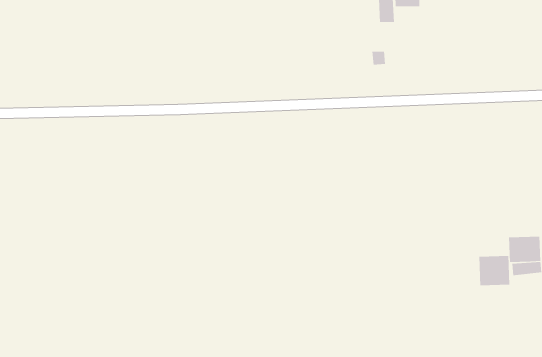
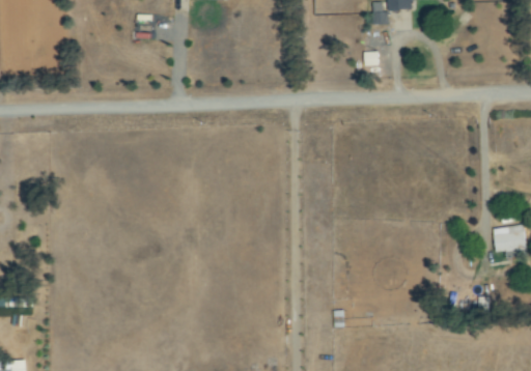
building: [479,255,510,286] -> none

